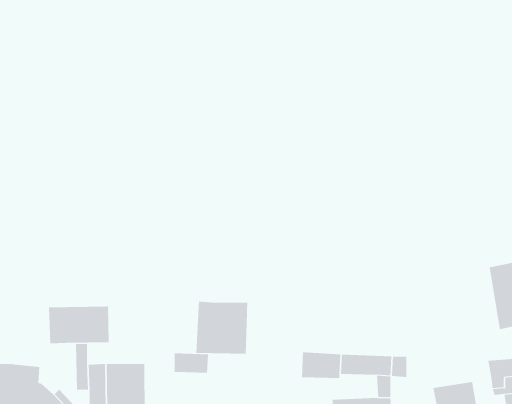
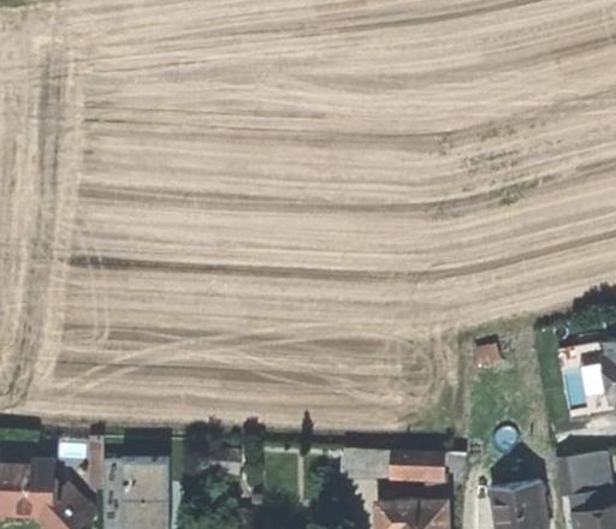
building: [196,301,248,354] -> none
building: [48,306,109,344] -> none

